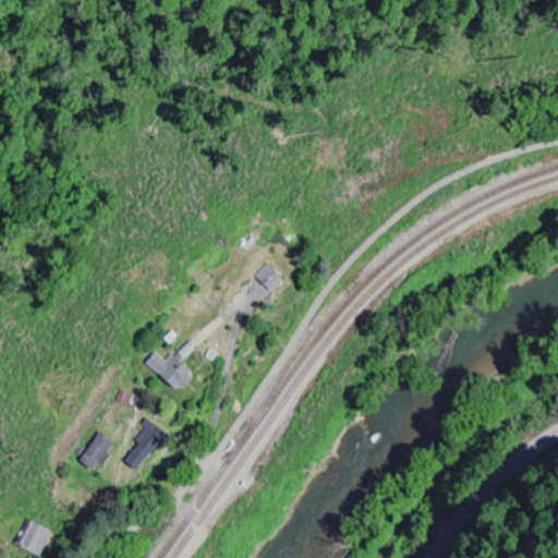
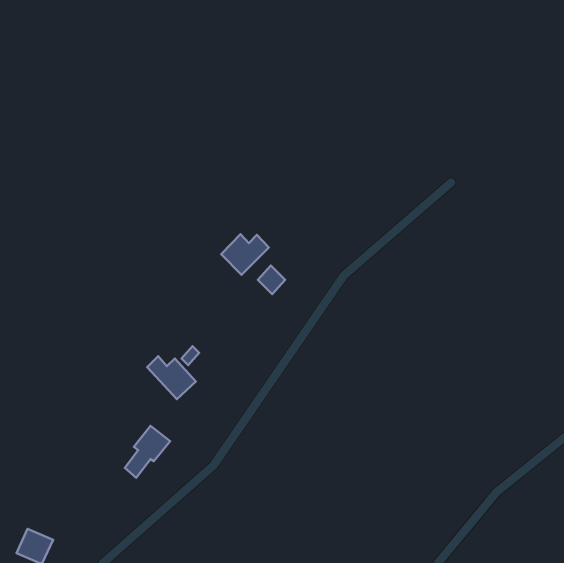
building: none -> [221,234,269,275]
building: [80,432,114,472] -> none

